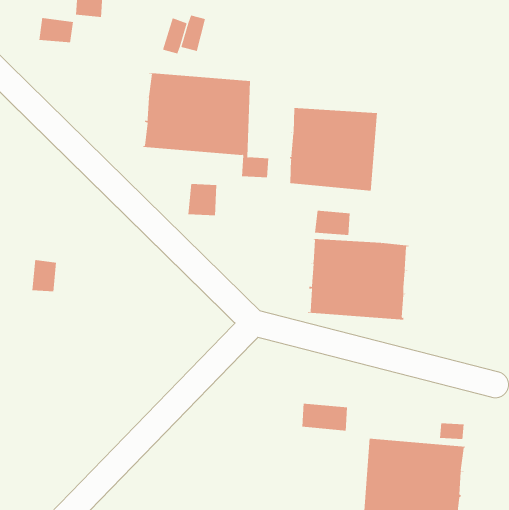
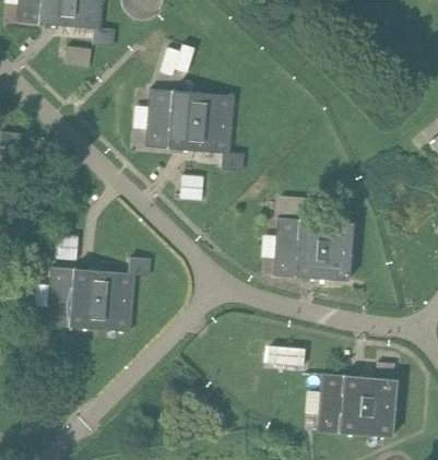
building: [287,107,377,192] -> none
building: none -> [47,257,151,332]

